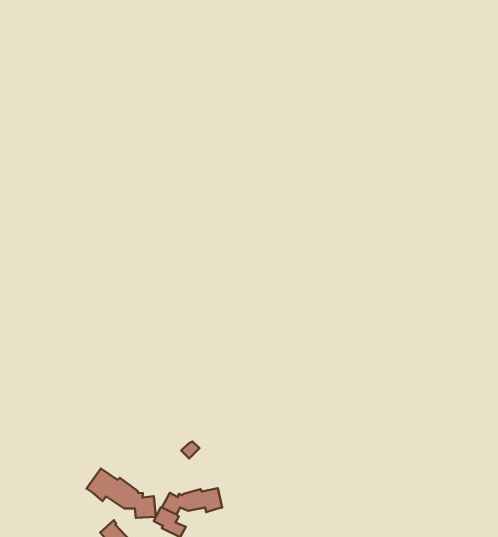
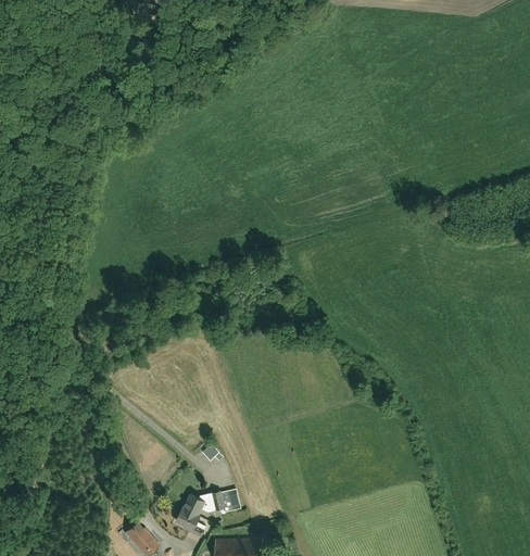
building: [86,468,156,518] -> none

